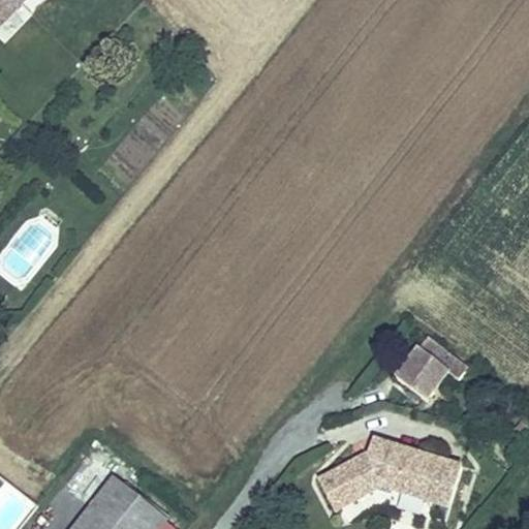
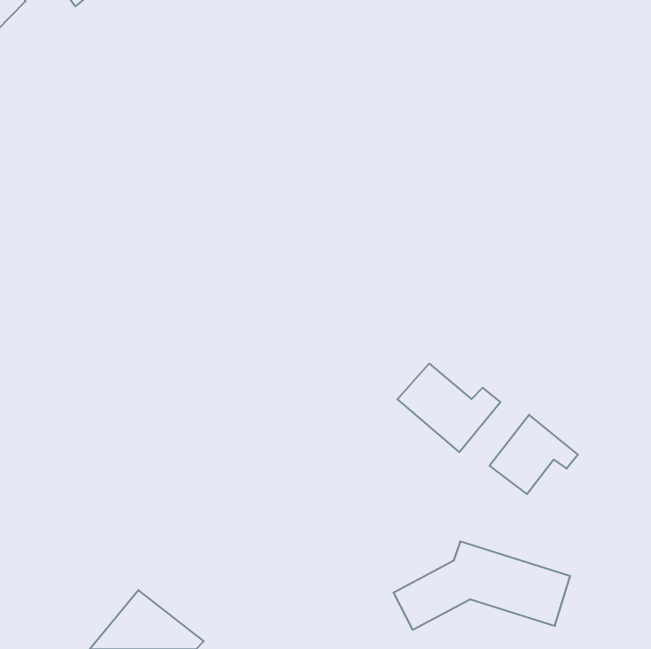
building: none -> [397,364,500,452]

